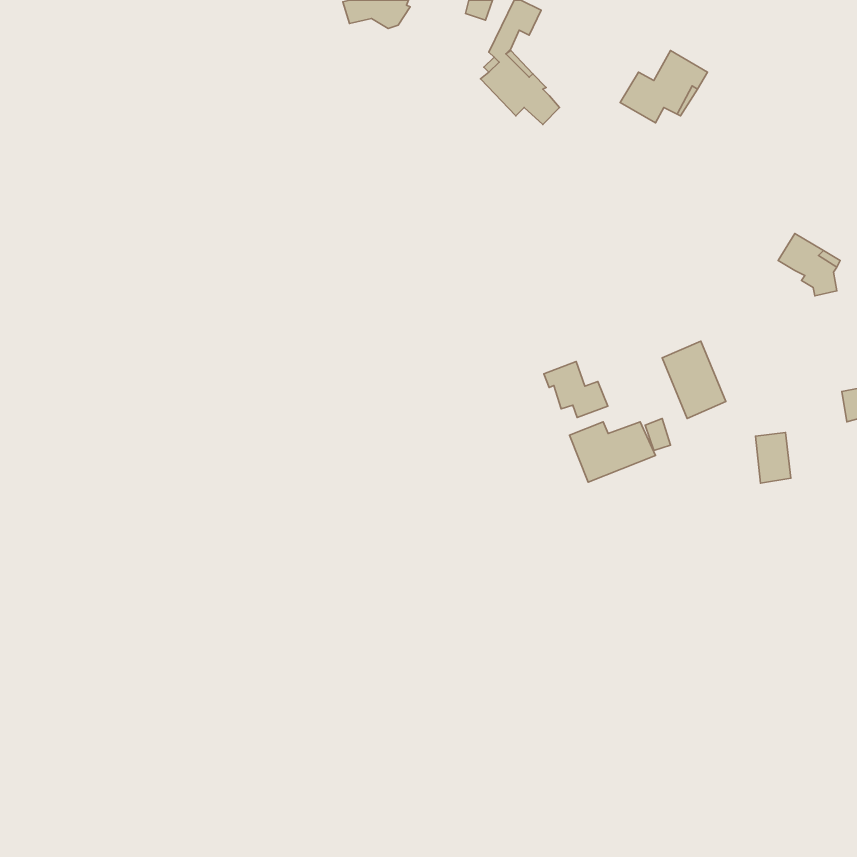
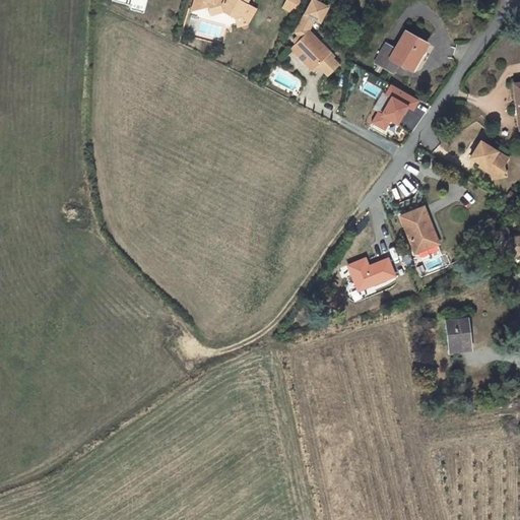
building: none -> [368,83,419,131]
building: [544,362,608,417] -> none
building: [755,433,791,483] -> [448,320,469,350]

